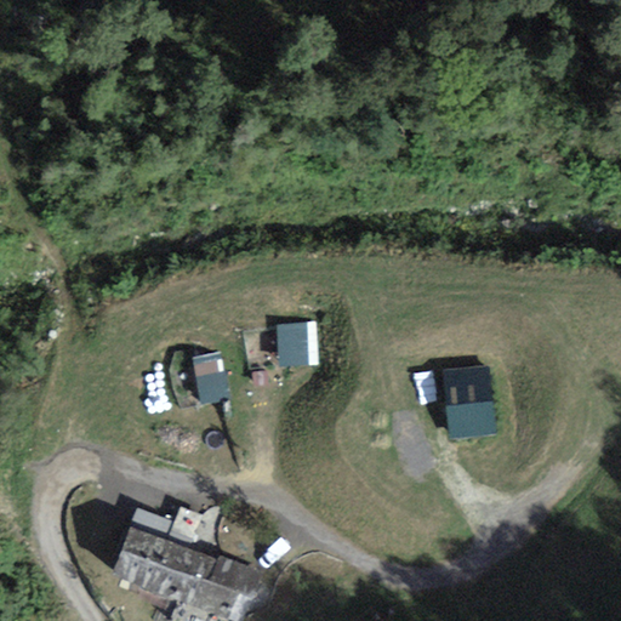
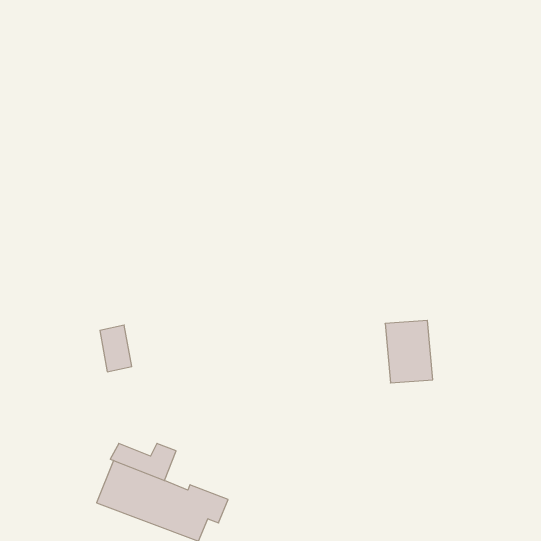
building: [273,321,318,369] -> none
building: [192,351,228,404] -> [100,325,132,372]

